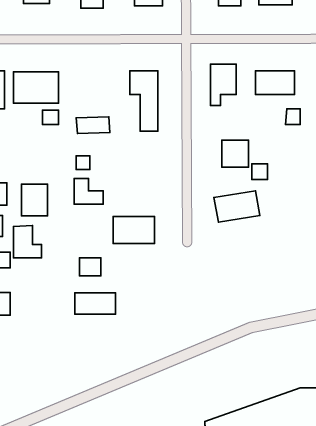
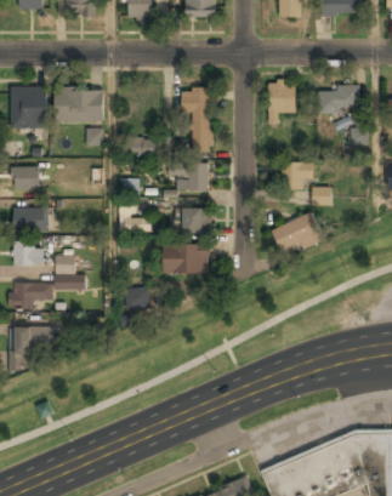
building: none -> [167,163,208,190]
building: none -> [174,209,210,232]
building: [22,184,48,216] -> none
building: [75,293,116,314] -> none

